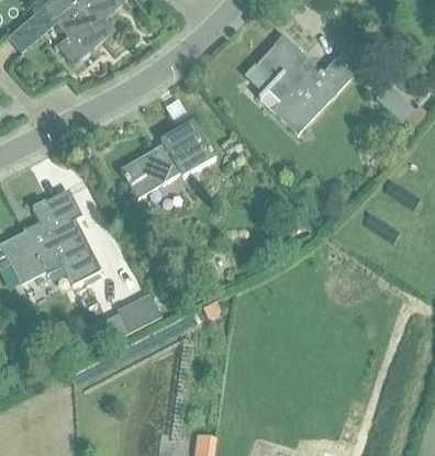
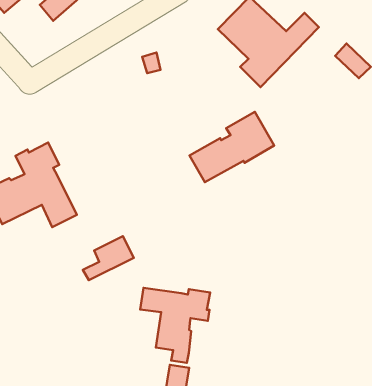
building: [122,121,213,197] -> [189,112,274,182]
building: none -> [140,288,210,363]

